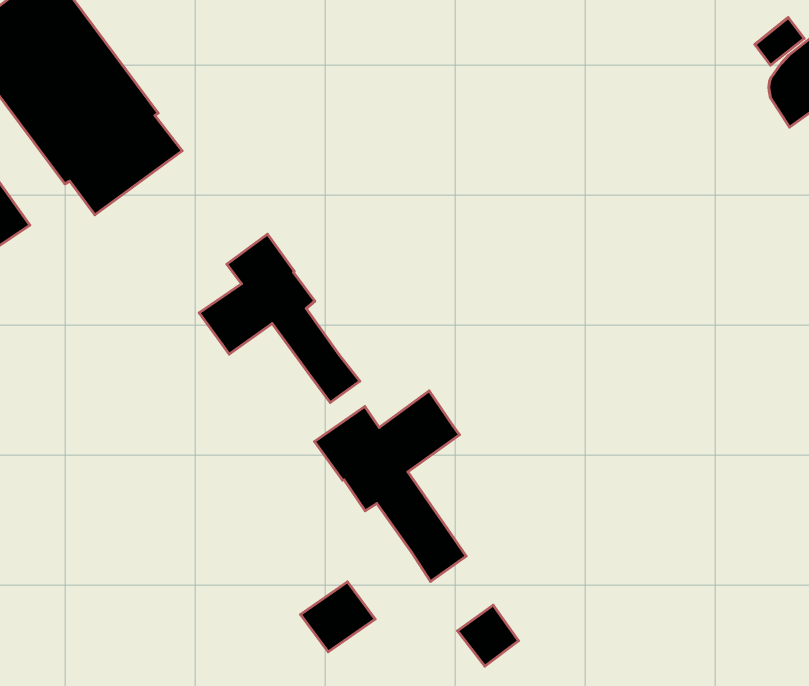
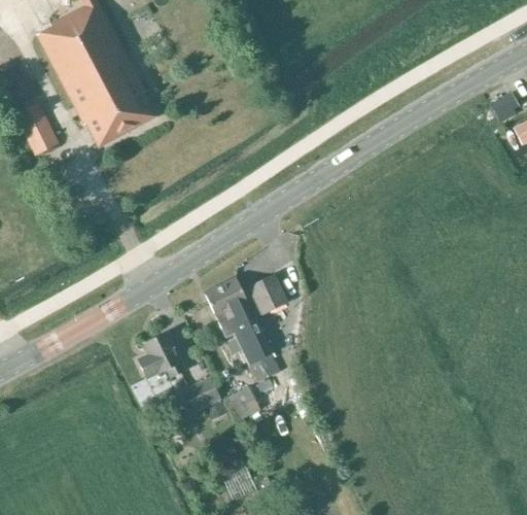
building: [199,234,360,402] -> none
building: none -> [137,332,184,380]
building: [458,605,519,666] -> [226,388,260,422]

